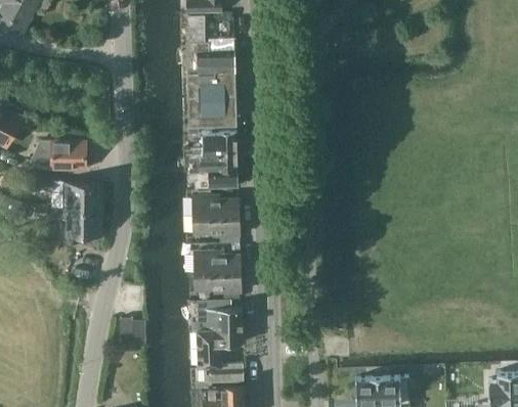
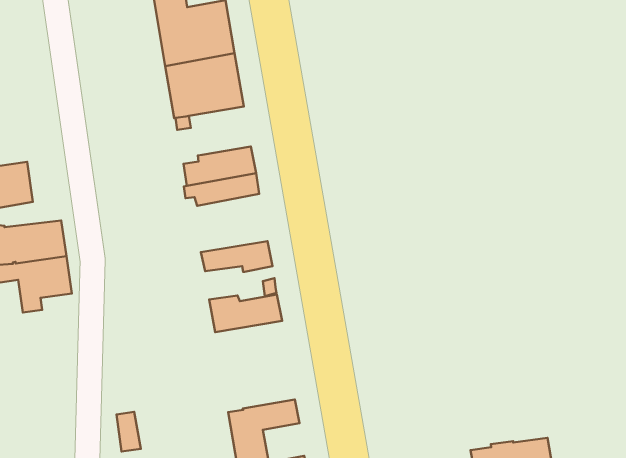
building: [202,131,236,153] -> none
building: [192,195,239,219] -> none
building: [195,273,241,291] -> none
building: [192,299,242,329] -> none

